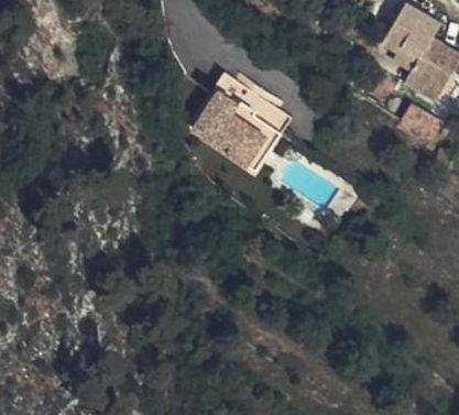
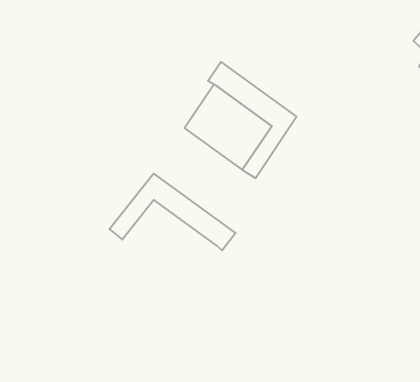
building: none -> [110,174,236,250]

